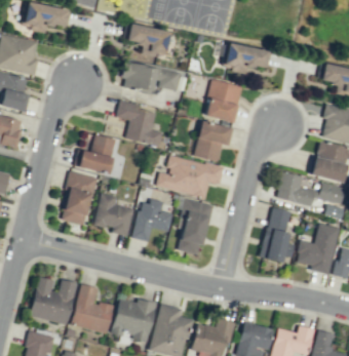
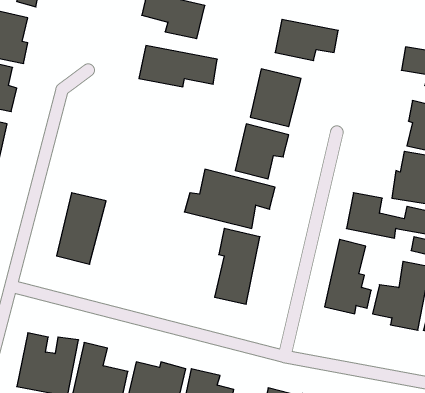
building: [115,100,161,146] -> none
building: [73,133,115,173] -> none
building: [93,192,133,235] -> none
building: [132,198,172,241] -> none

